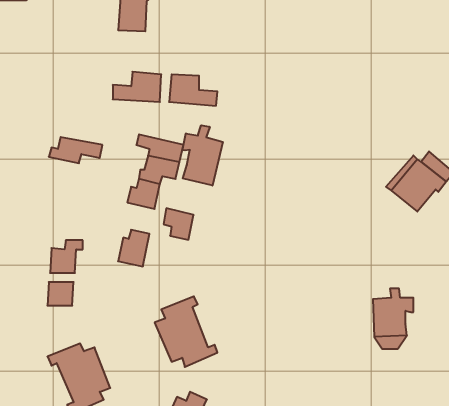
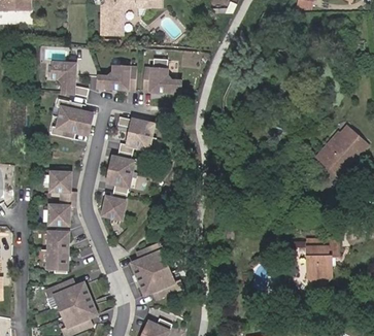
building: none -> [53,63,88,96]
building: none -> [54,99,92,124]
building: [182,125,223,186] -> none
building: none -> [49,172,75,199]
building: [164,208,194,240] -> [107,169,131,194]
building: none -> [46,250,66,270]

